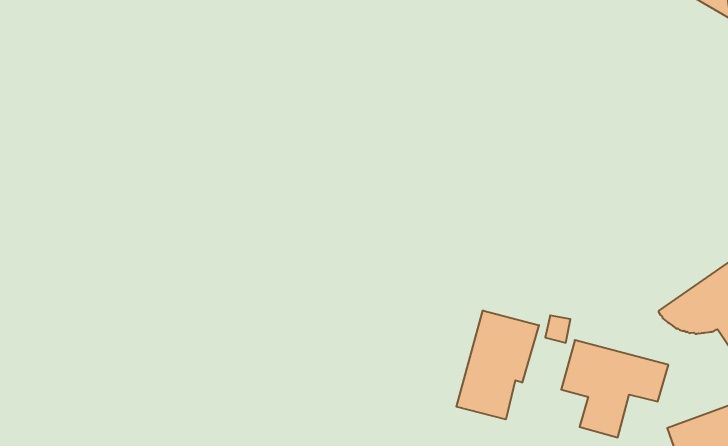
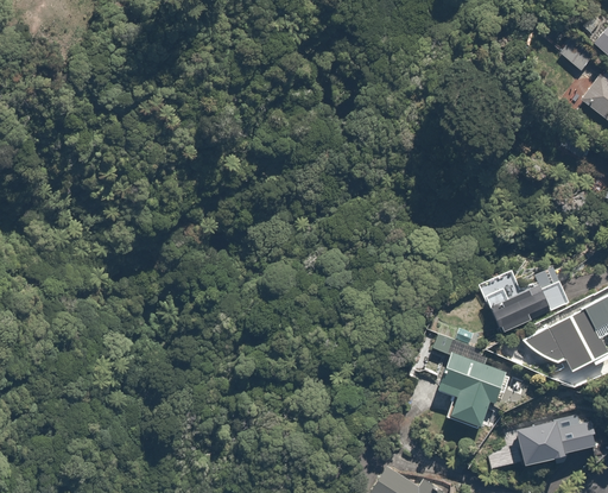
building: none -> [479,266,570,331]
building: [456,310,539,419] -> none

